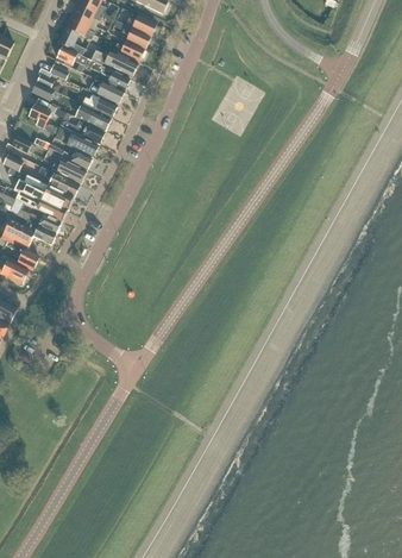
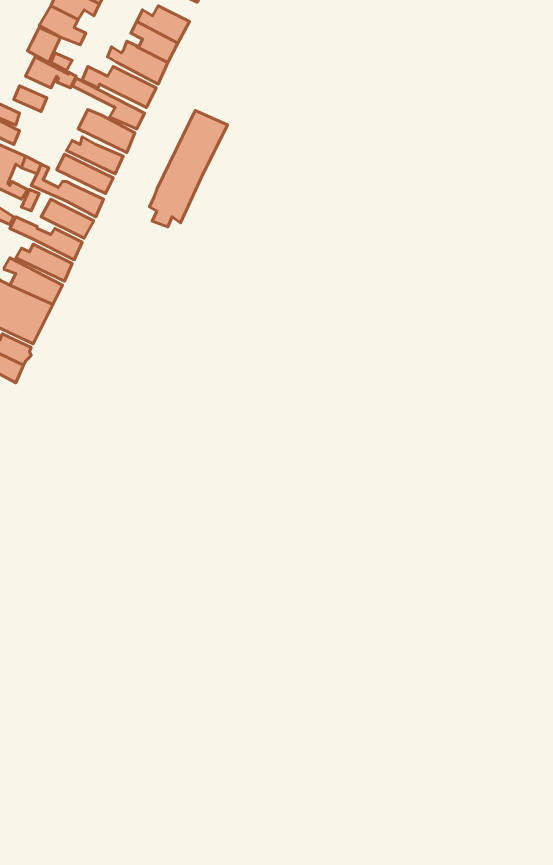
building: none -> [150,110,228,227]

